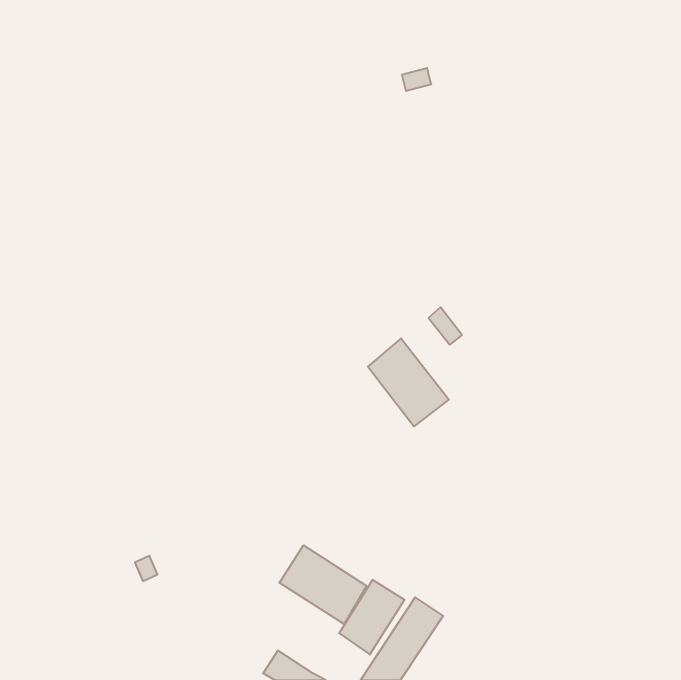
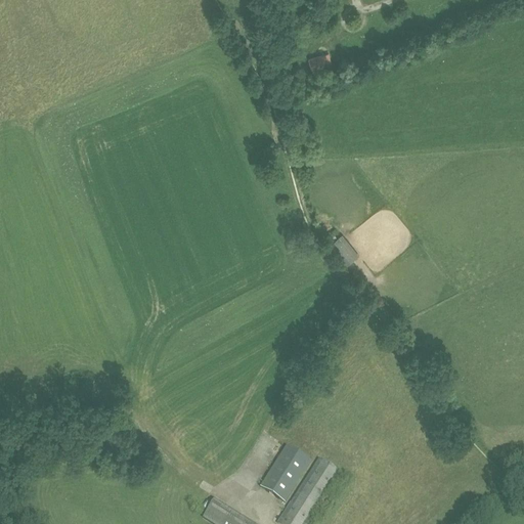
building: [368,338,449,426] -> none
building: [279,545,366,624] -> none

